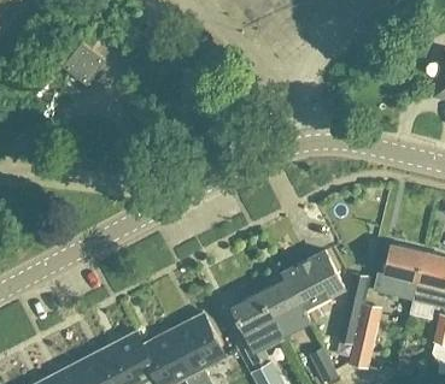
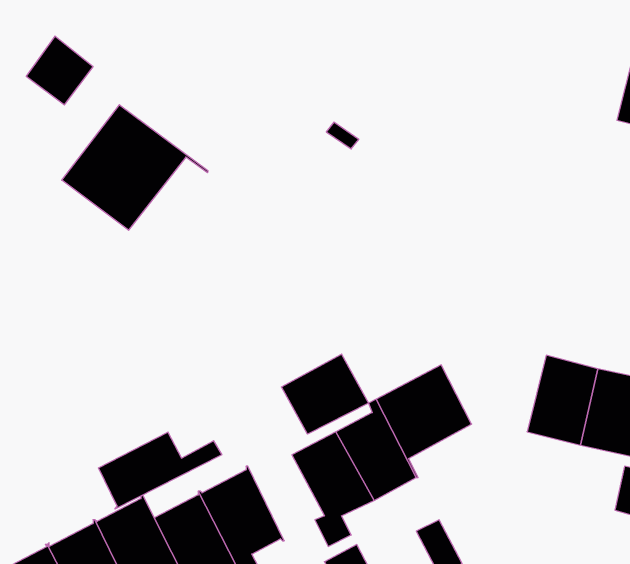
building: none -> [62,105,208,230]
building: none -> [281,354,368,434]
building: none -> [98,432,222,509]
building: [349,305,382,368] -> none

